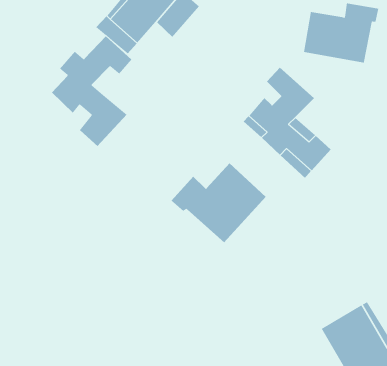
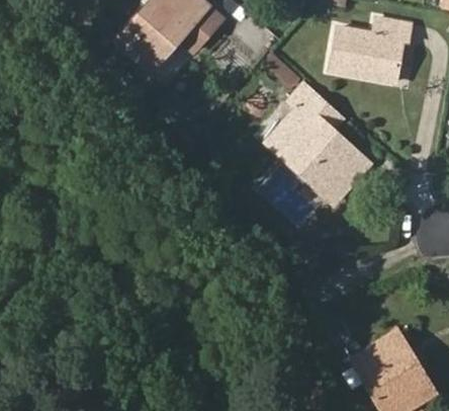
building: [51,36,132,147] -> none
building: [170,163,266,243] -> none

